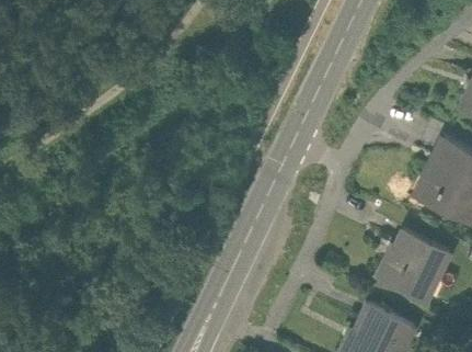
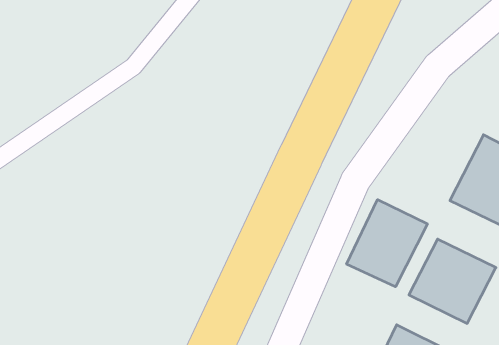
building: none -> [347,200,427,287]

